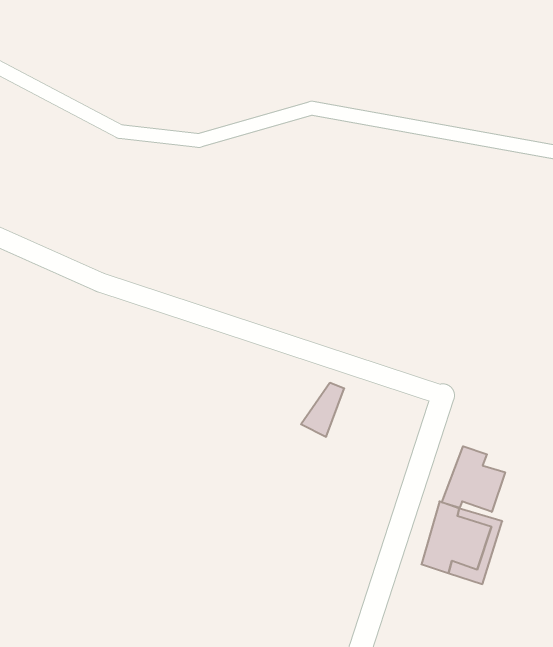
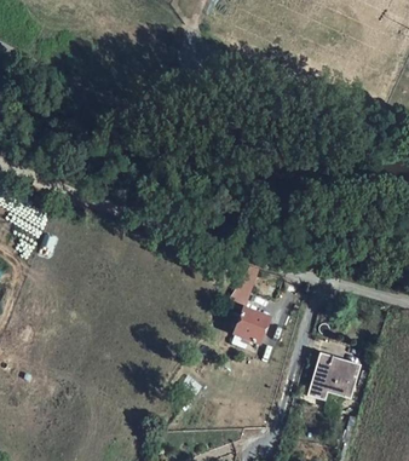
building: none -> [232,307,269,342]
building: [442,446,505,512] -> none

